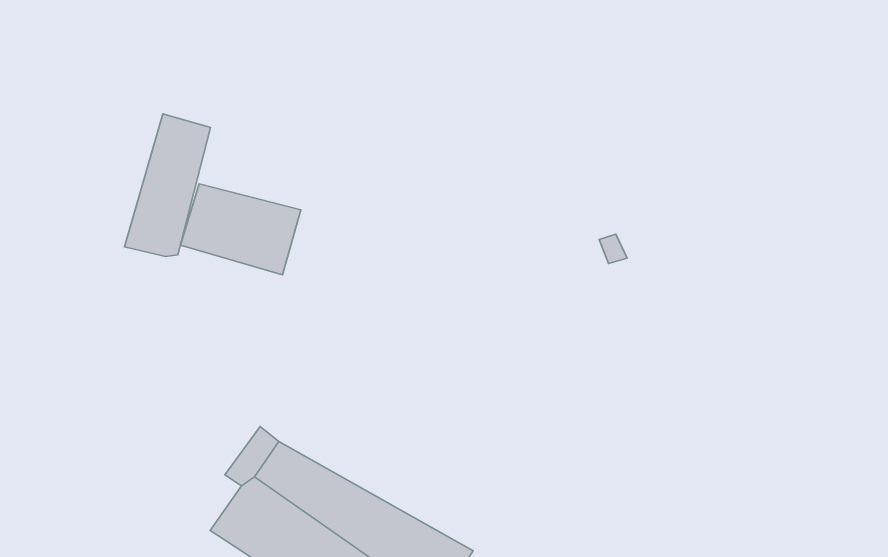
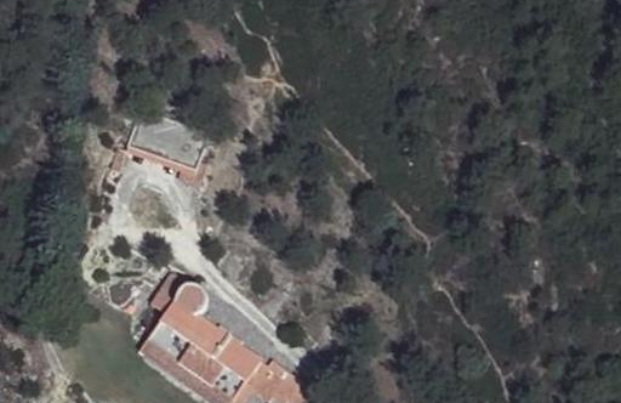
building: [125,114,211,257] -> none

